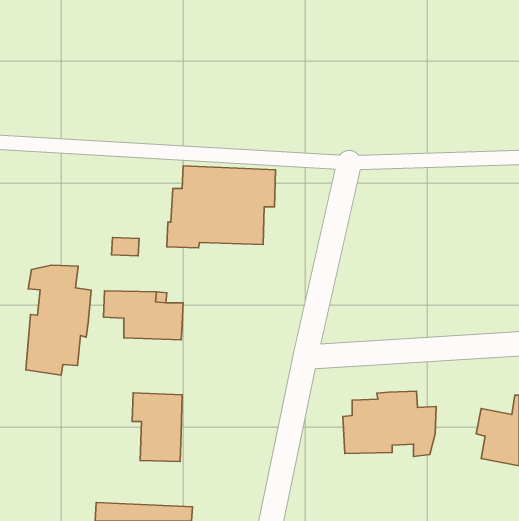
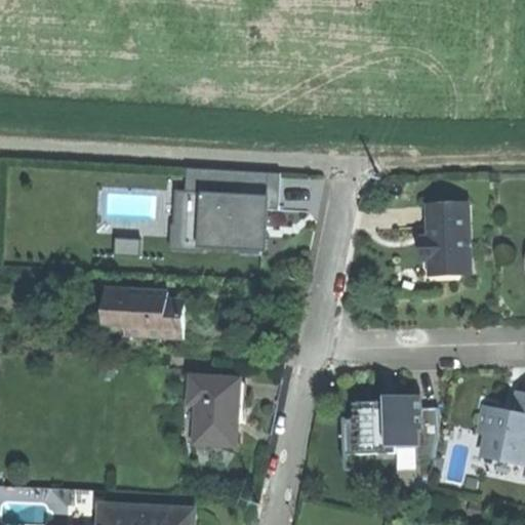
building: none -> [418,208,467,277]
building: [26,265,91,375] -> none
building: [132,393,182,461] -> [189,378,239,447]

